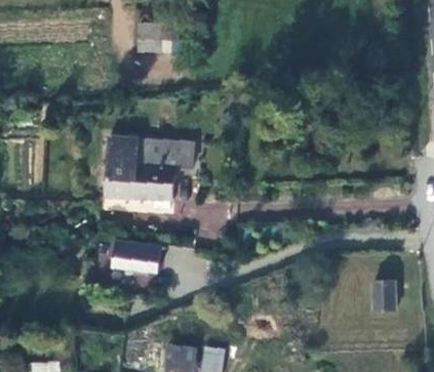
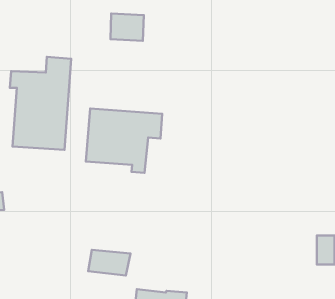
building: none -> [10,57,71,150]
building: [115,241,164,271] -> [88,250,130,275]

